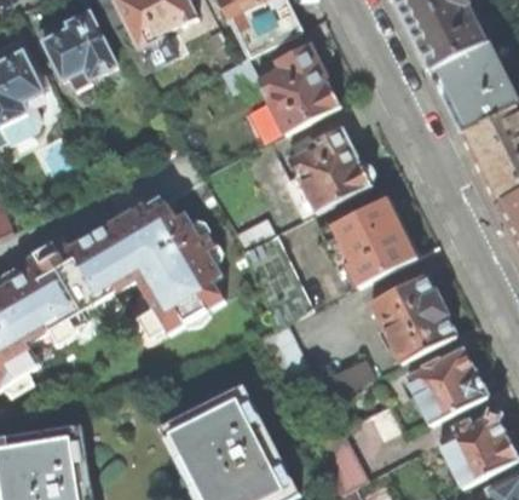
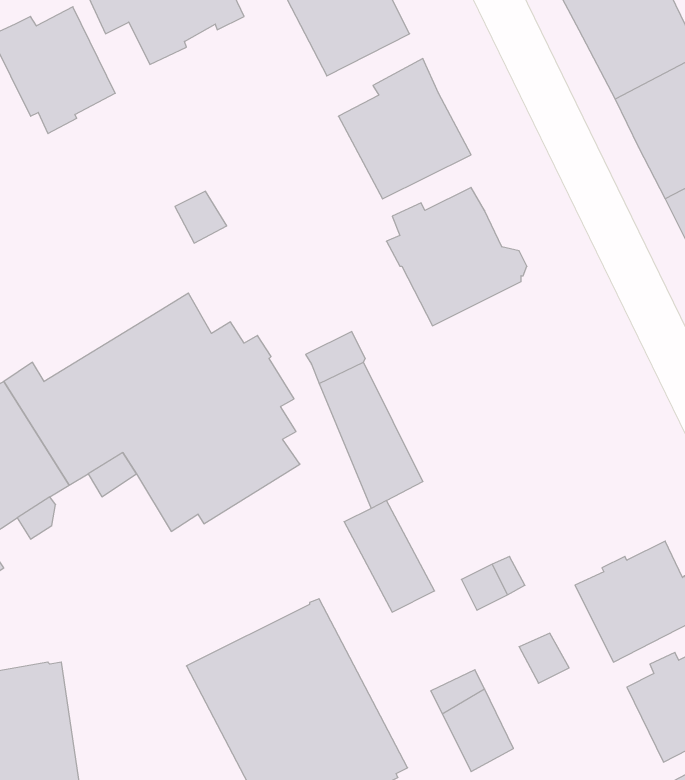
building: [323,196,416,286] -> none
building: [370,272,455,361] -> none

